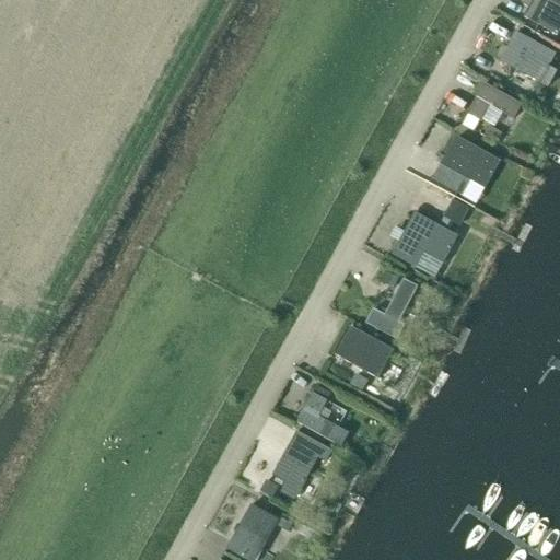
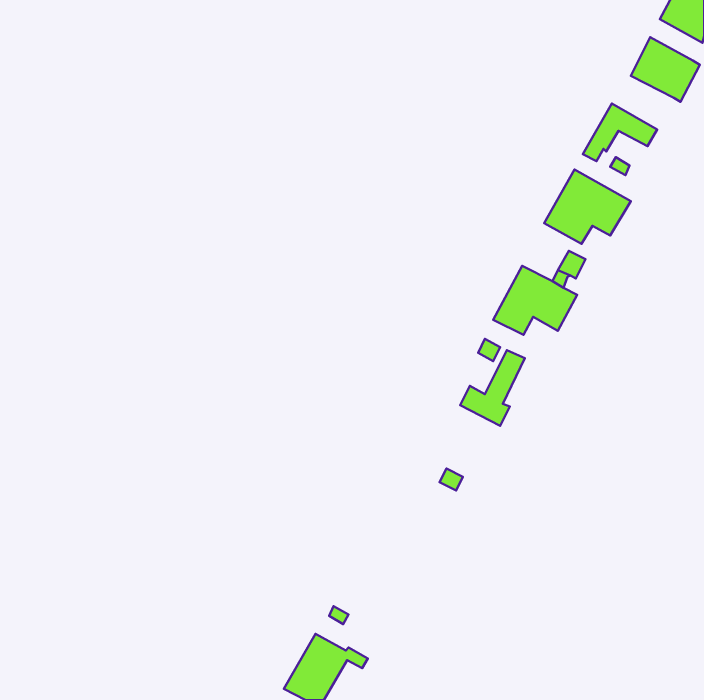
building: [335,325,394,377] -> none
building: [296,384,350,446] -> none
building: [272,430,330,497] -> none

